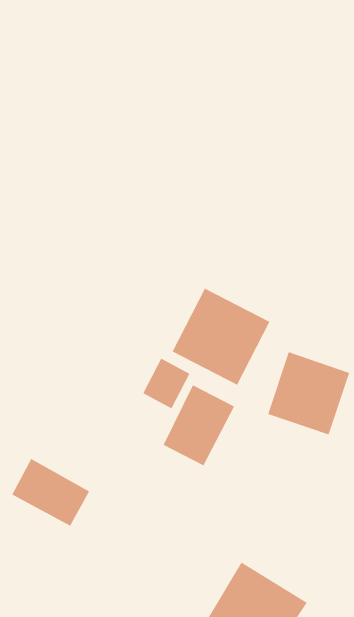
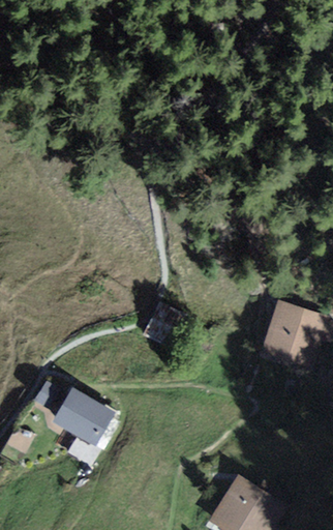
building: [172,288,270,386] -> none
building: [162,384,235,466] -> none

